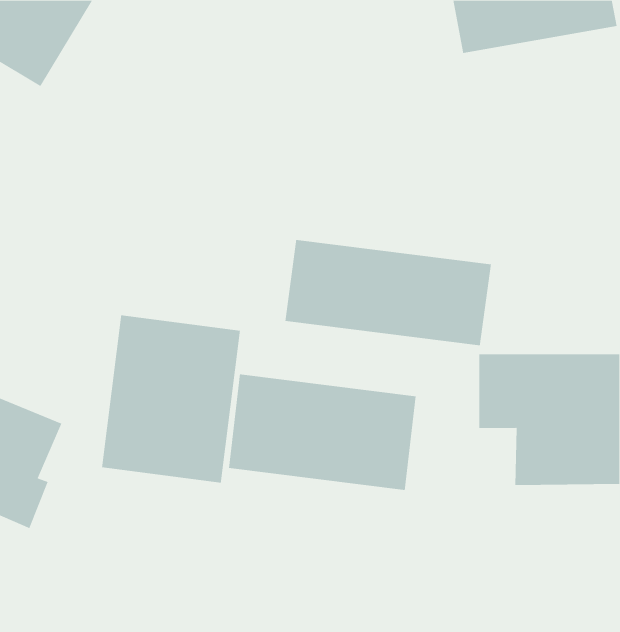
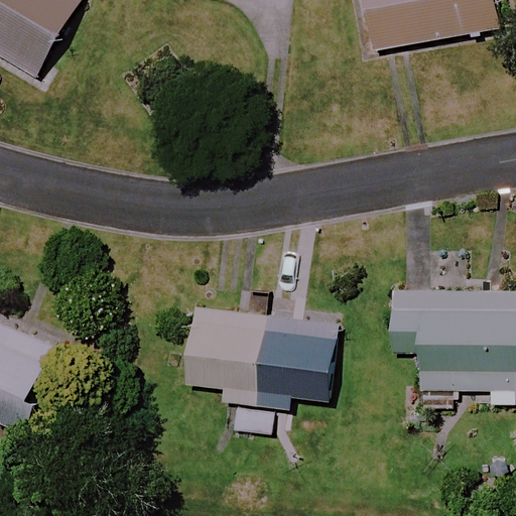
building: [285,239,491,346] -> none
building: [102,315,240,483] -> none

